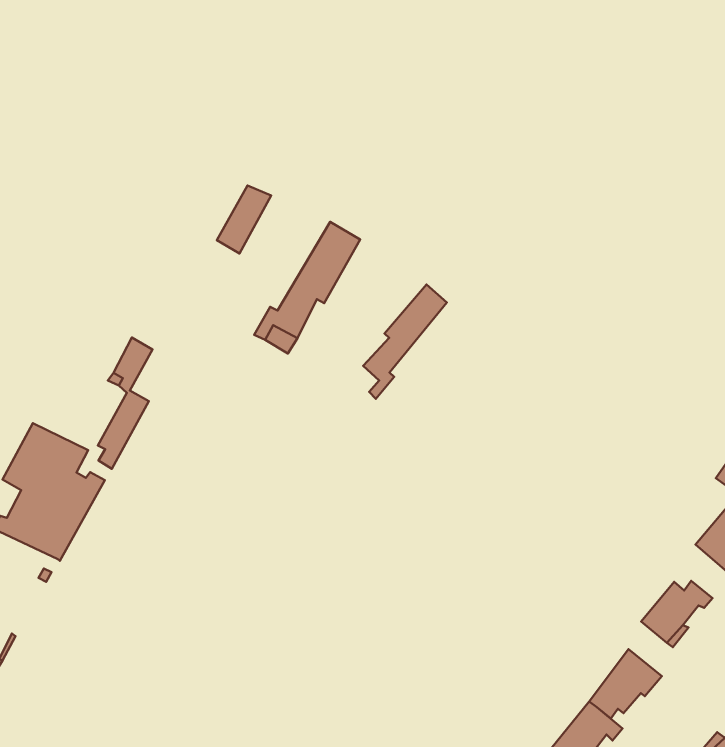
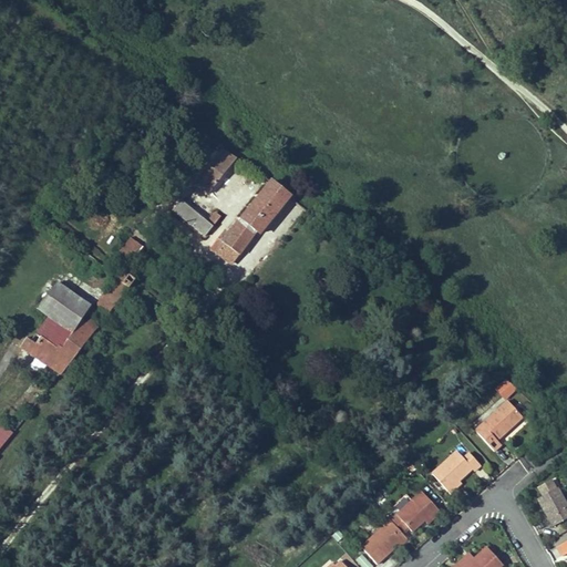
building: none -> [173,199,220,235]
building: [363,284,447,399] -> none

